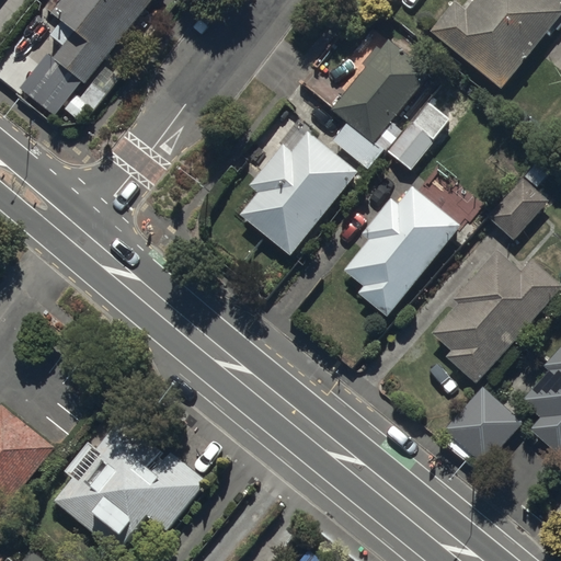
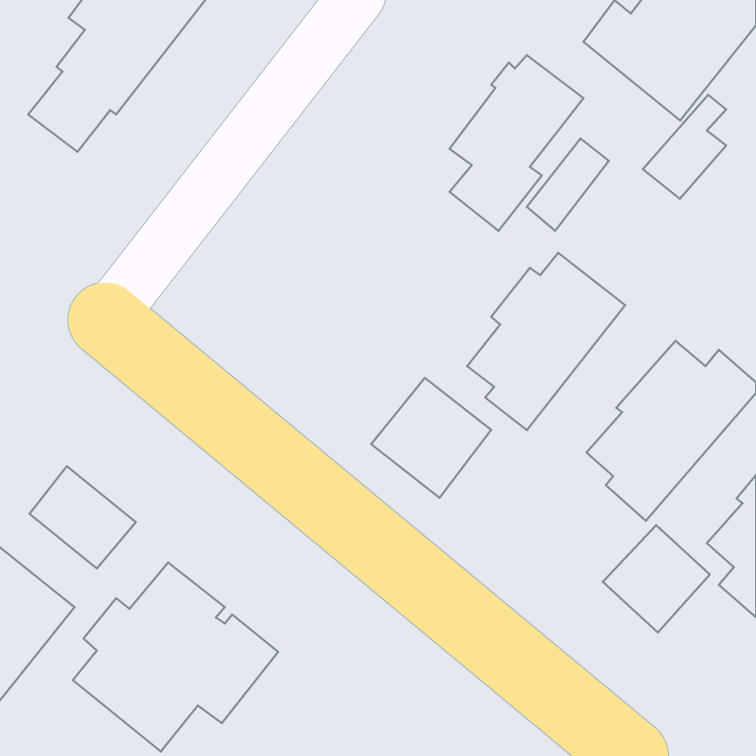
building: [240,131,357,254] -> none
building: [486,162,548,239] -> [643,95,726,199]
building: none -> [371,378,491,498]
building: none -> [30,466,136,569]

